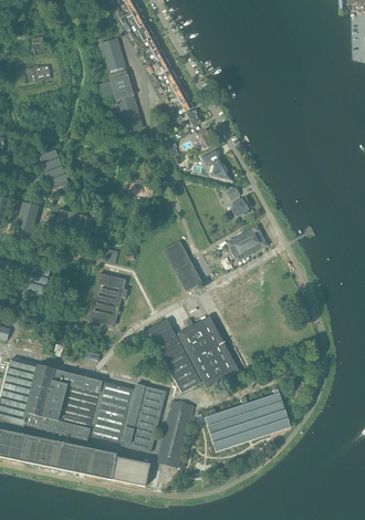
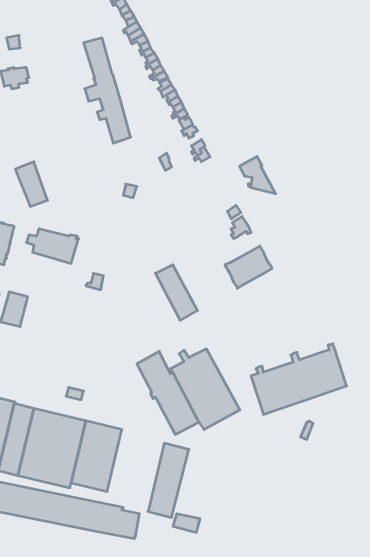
building: [200,147,232,180] -> [240,156,276,194]
building: [88,272,127,324] -> none
building: [121,383,166,451] -> none
building: [205,387,290,450] -> [251,344,347,414]

